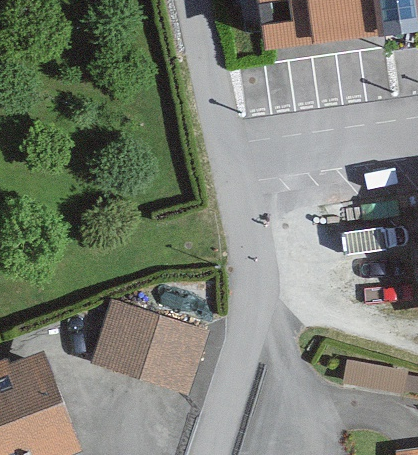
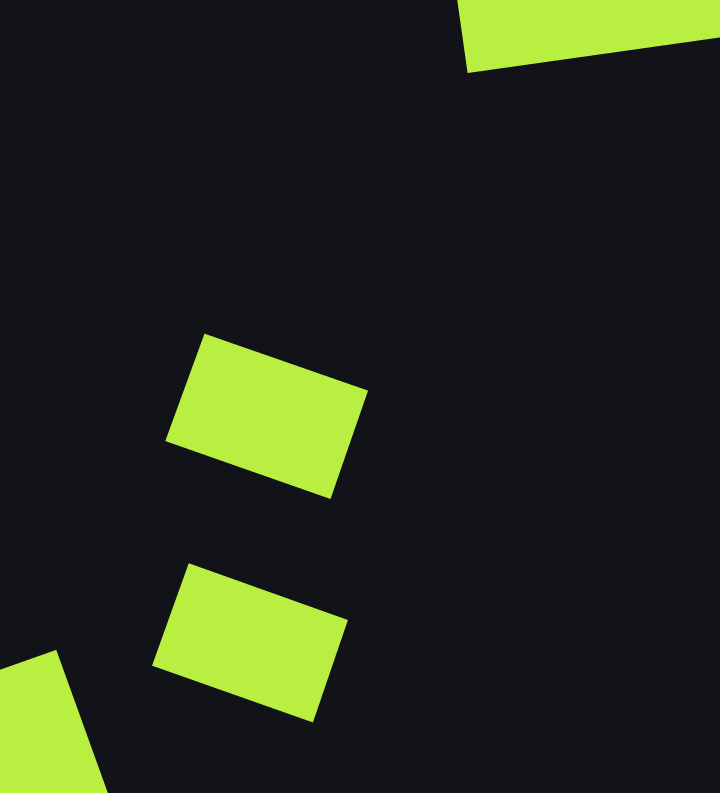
building: none -> [164,333,369,500]

